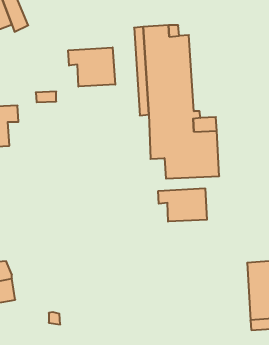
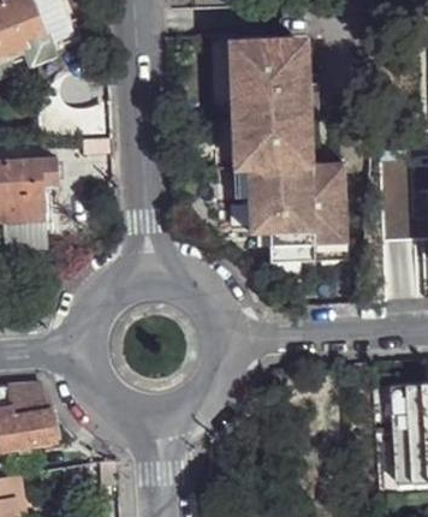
building: [68,47,115,87] -> none
building: [158,188,207,222] -> none

